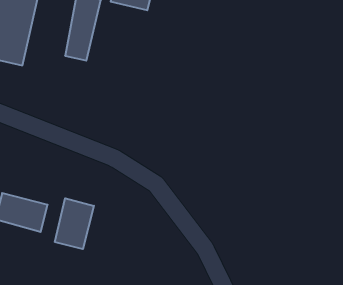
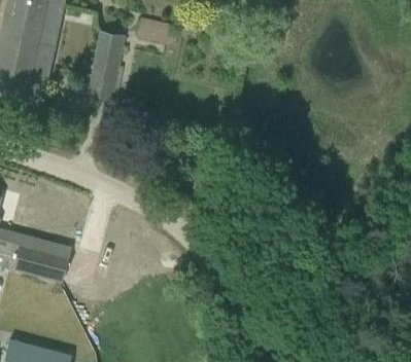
building: [55,198,94,249] -> none

